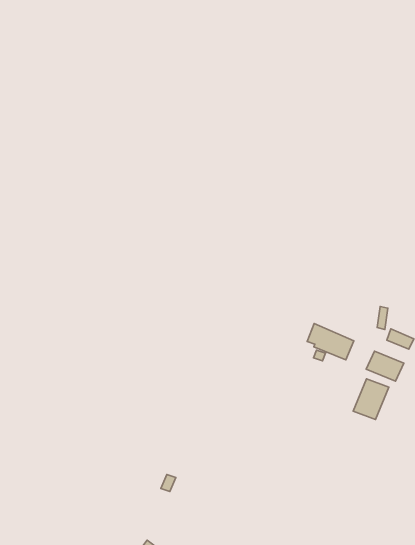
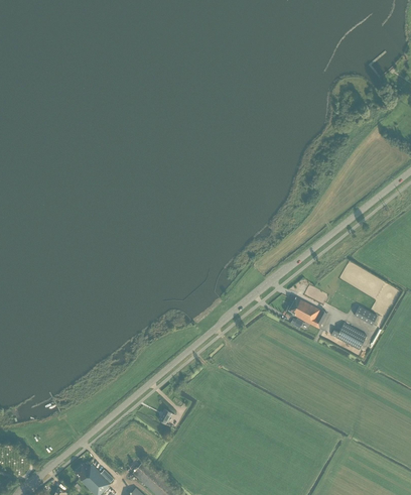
building: [353,379,389,419] -> none

